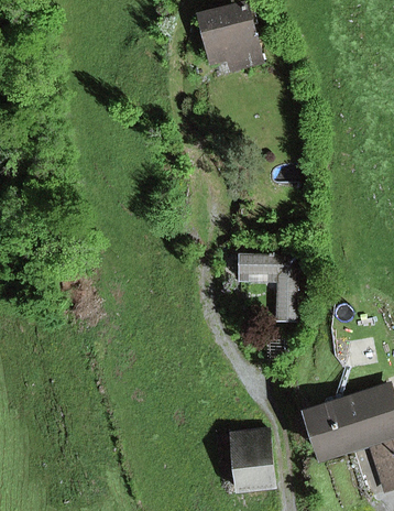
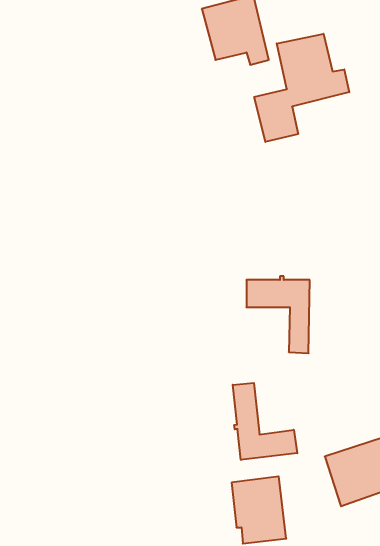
building: none -> [254,34,349,142]
building: none -> [233,383,297,460]

